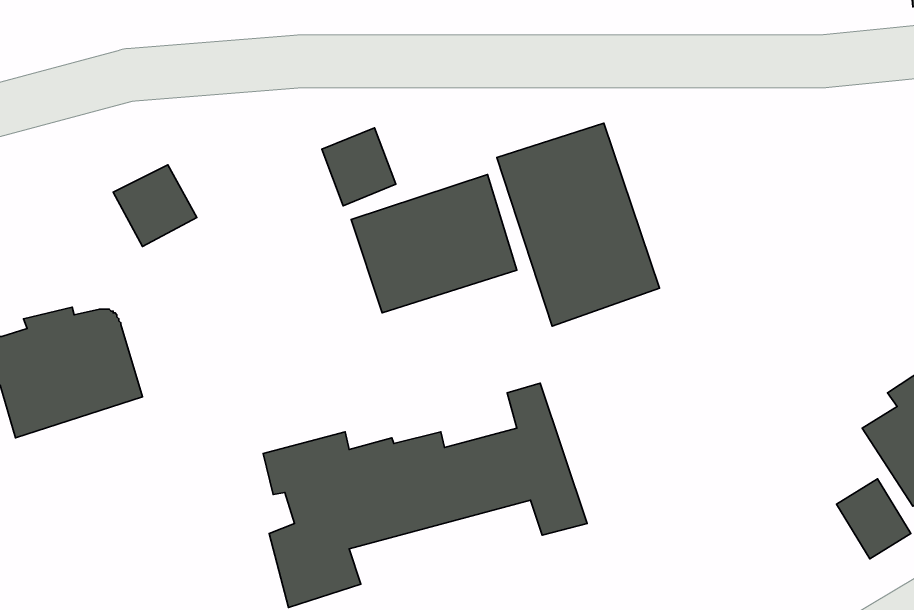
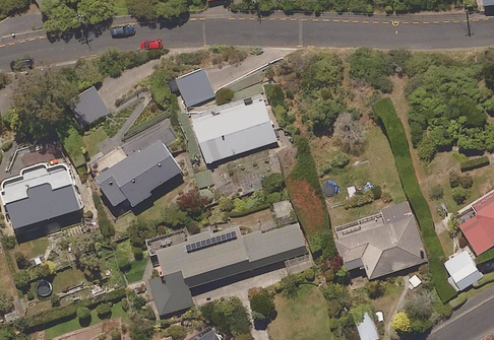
building: [497,123,659,326] -> none
building: none -> [89,117,181,207]
building: none -> [335,201,426,280]

